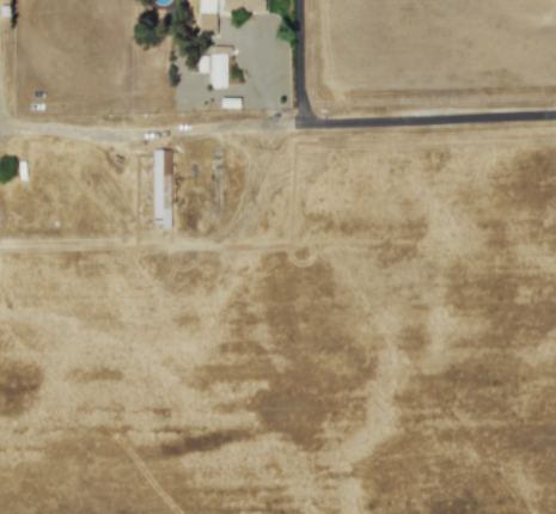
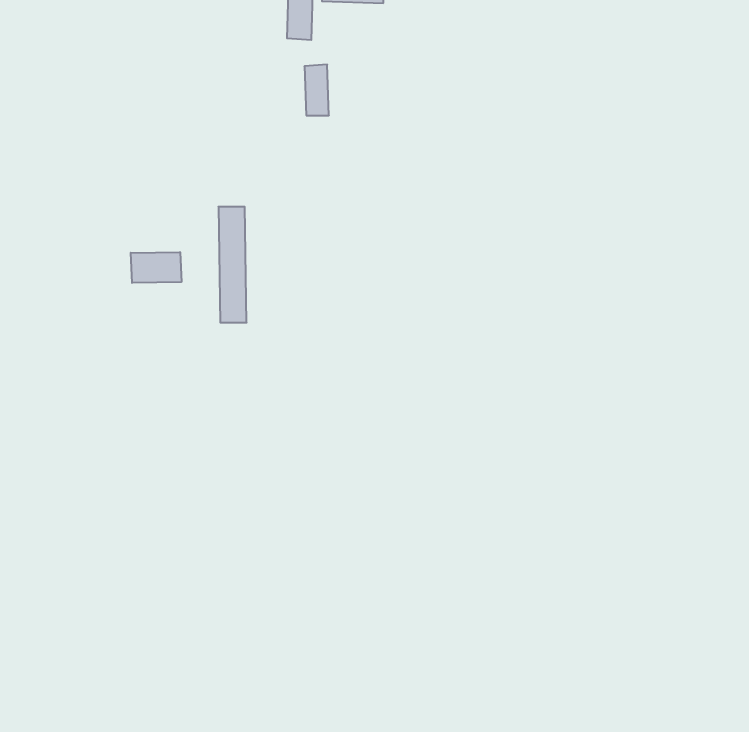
building: none -> [131,252,181,283]

